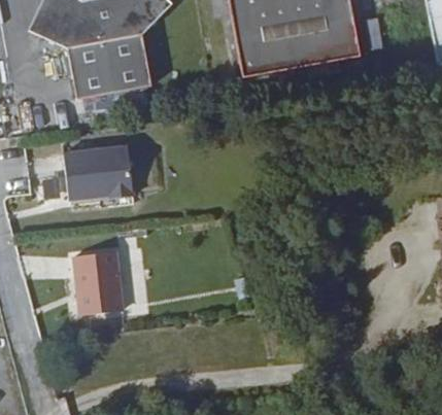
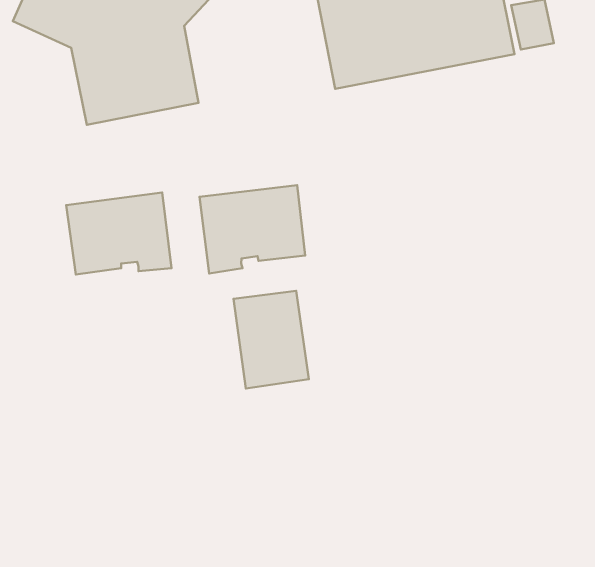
building: none -> [199,185,305,273]
building: [72,251,122,315] -> [233,291,309,389]

